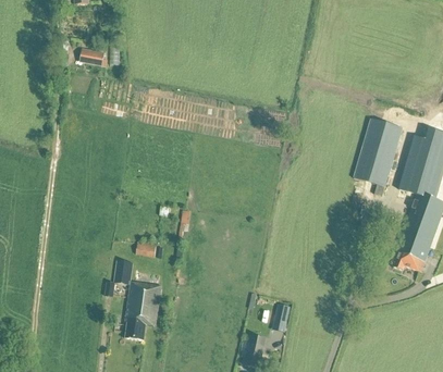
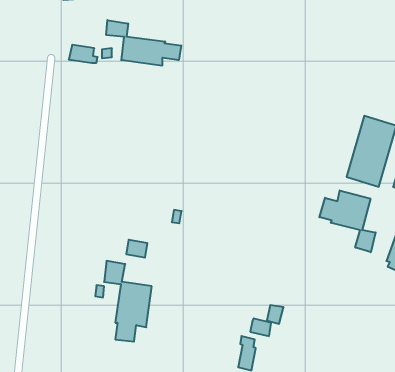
building: none -> [106,20,181,66]
building: none -> [319,190,376,252]

